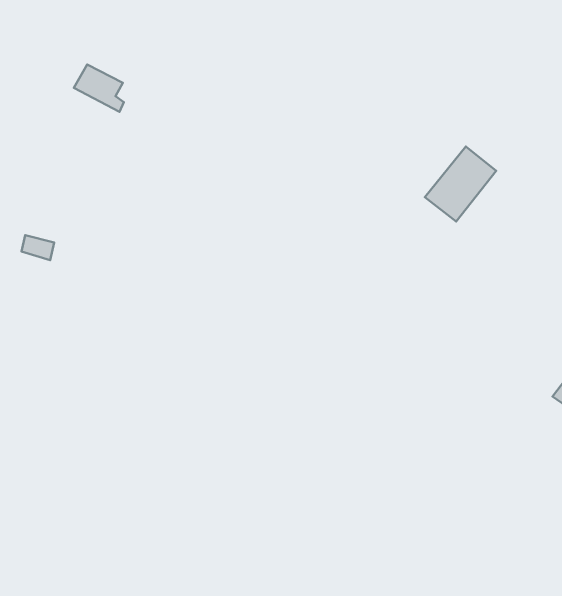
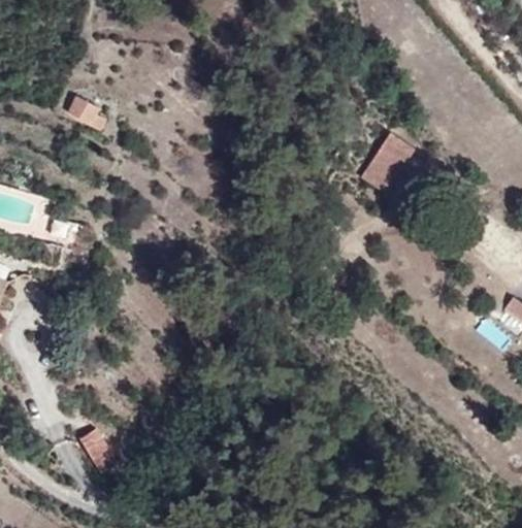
building: none -> [76,420,119,469]

